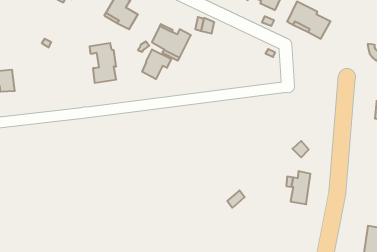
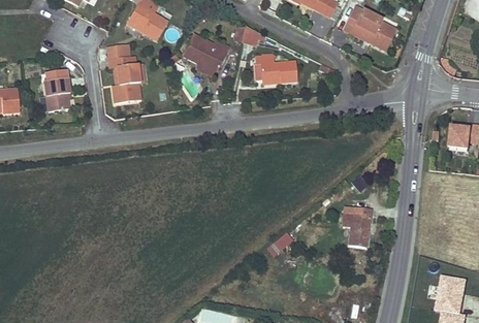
building: none -> [255,55,297,84]
building: [142,49,171,79] -> none
building: none -> [42,77,68,111]

